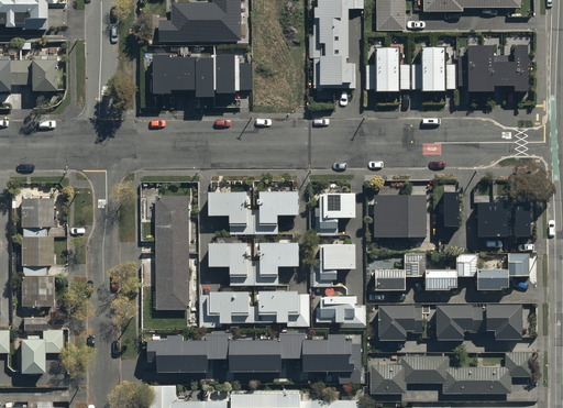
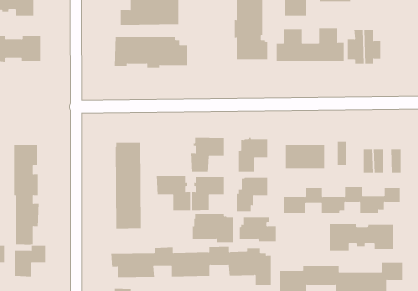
building: [504,47,528,91] -> none
building: [208,188,254,234] -> none
building: [199,289,255,328] -> none
building: [378,301,421,338] -> none

